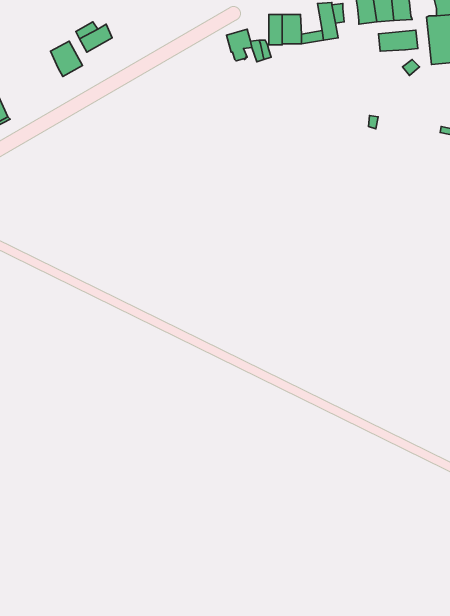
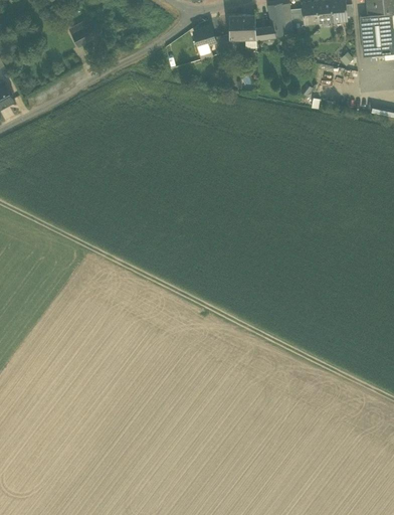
building: [378,30,418,51] -> none
building: [51,41,83,76] -> none

